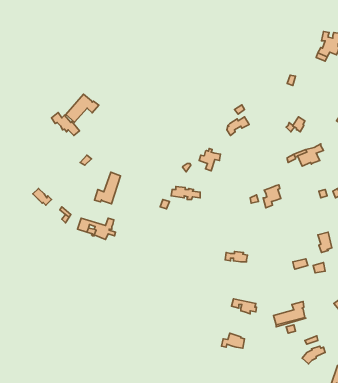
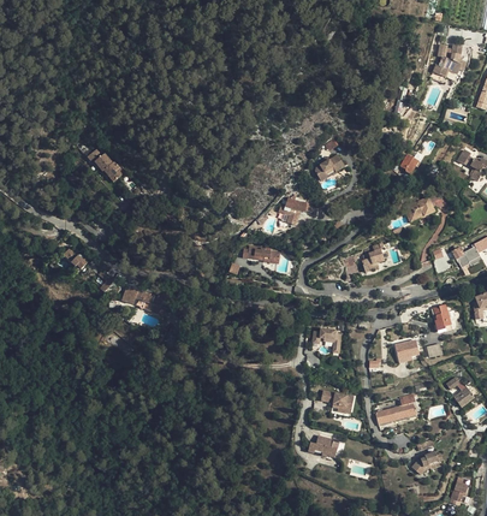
building: [66,94,99,122] -> none
building: [94,172,121,204] -> none

